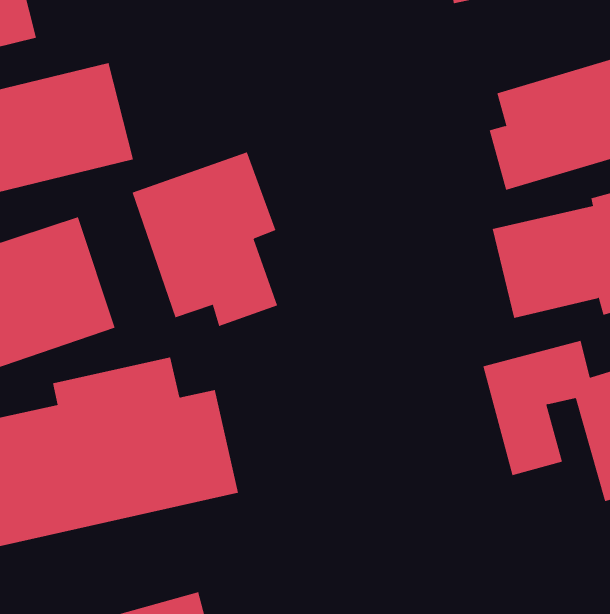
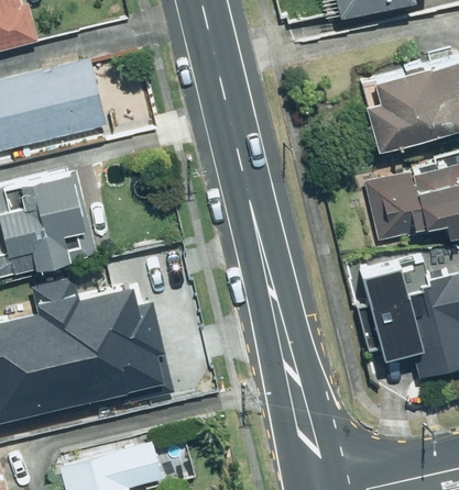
building: [132,151,278,327] -> none

